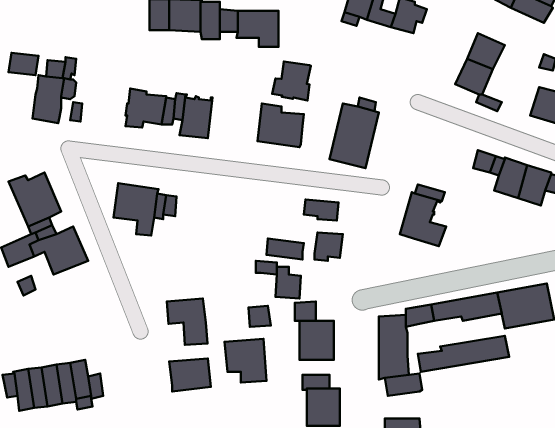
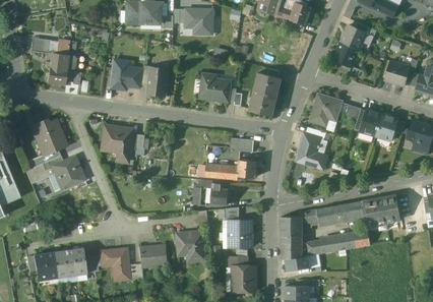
building: [272,62,311,100] -> none
building: none -> [310,93,343,126]
building: [167,299,207,345] -> [102,248,129,280]

